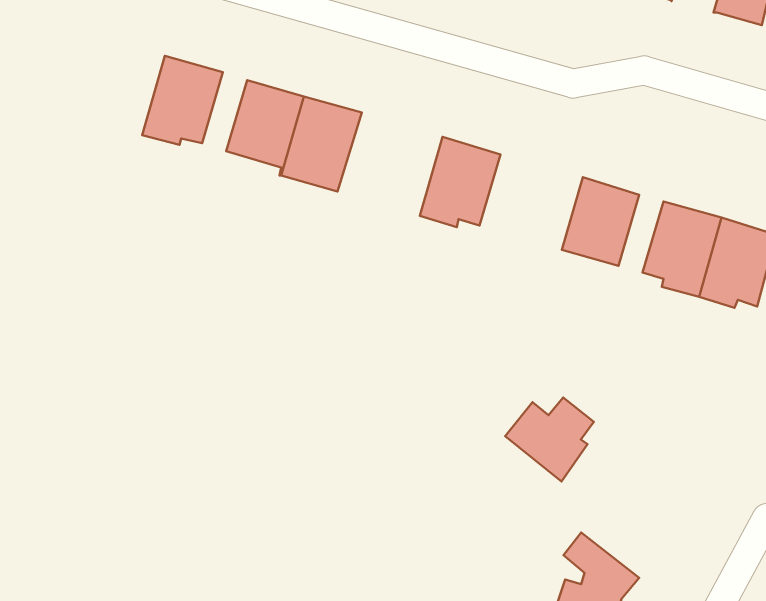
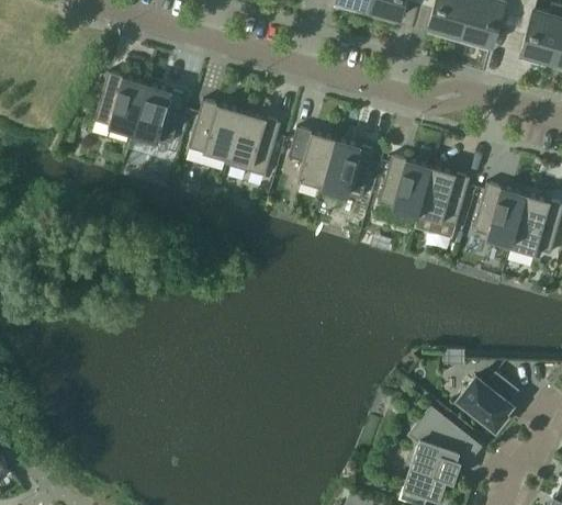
building: none -> [94,75,147,139]
building: none -> [288,130,336,194]
building: none -> [378,157,431,217]
building: [505,397,594,481] -> [457,375,517,433]

